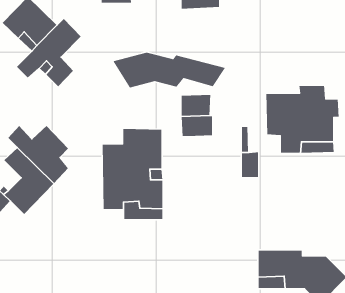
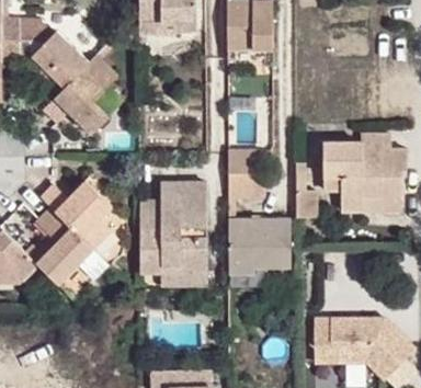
building: [112,52,226,88] -> none
building: none -> [229,214,291,269]

